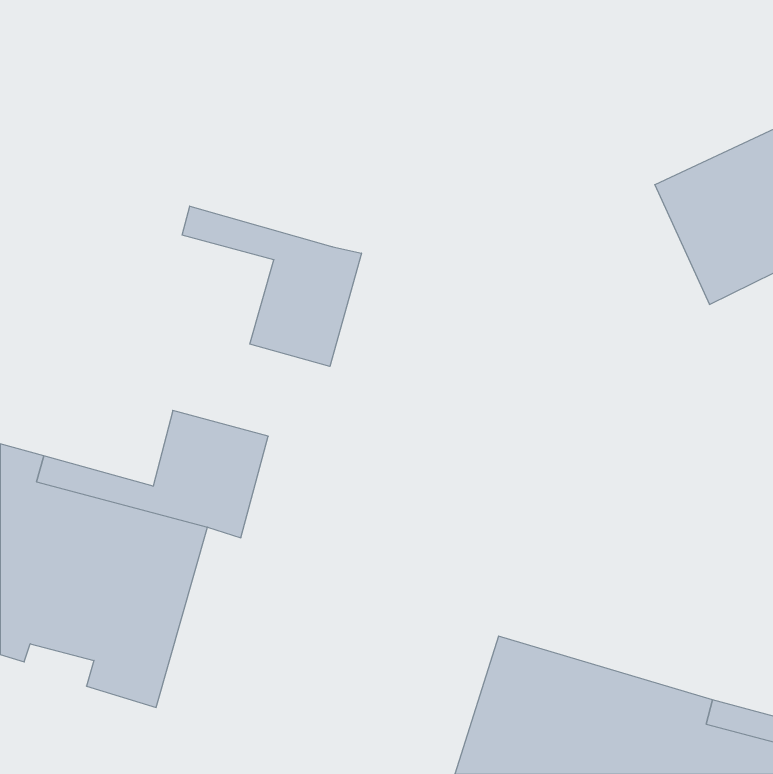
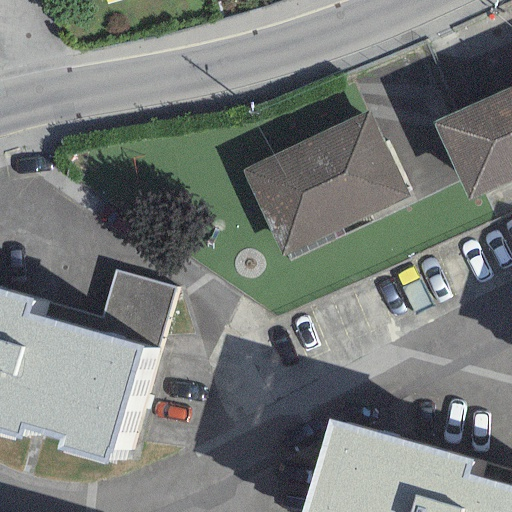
building: none -> [241,111,409,258]
building: [182,206,361,366] -> none

